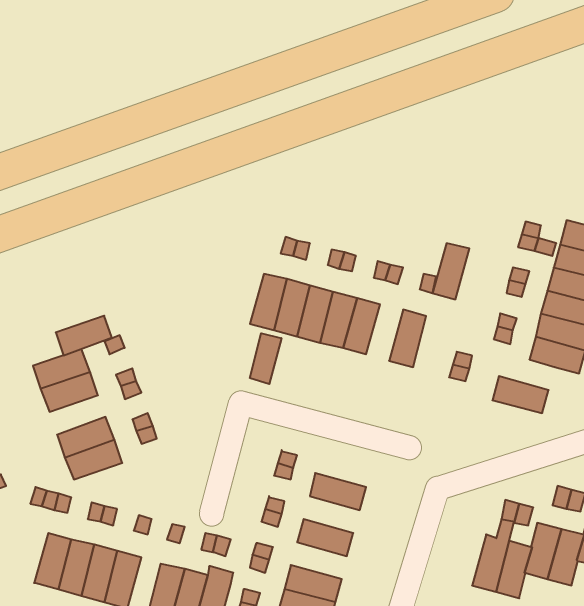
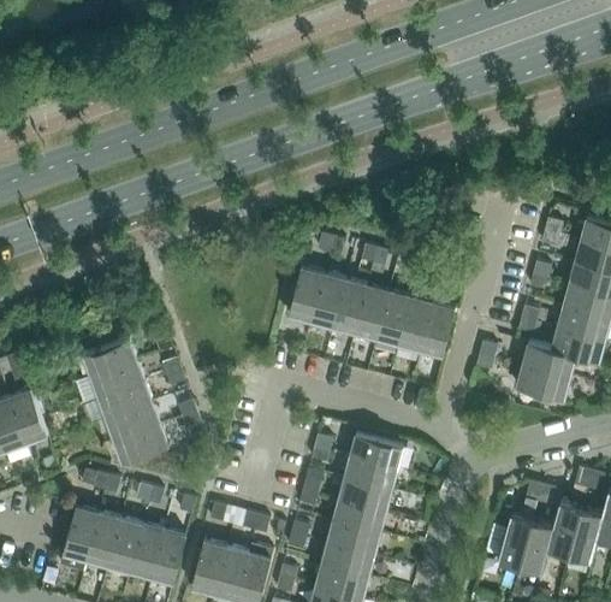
building: [432,243,469,299] -> [397,297,432,350]
building: [56,316,112,355] -> [99,383,152,420]
building: [250,333,281,384] -> none
building: none -> [522,343,575,378]
building: none -> [349,435,403,470]
building: none -> [338,478,391,513]
building: none -> [60,507,97,572]
building: none -> [326,521,379,556]

